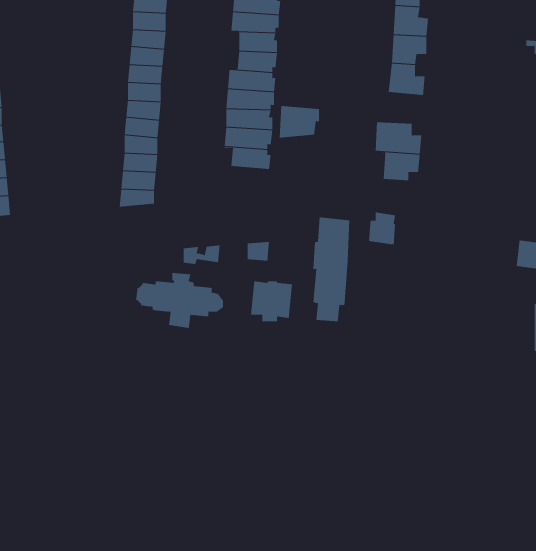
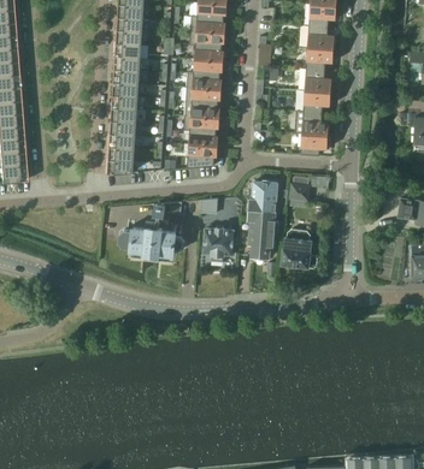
building: none -> [295,89,330,112]
building: [279,105,320,138] -> [187,143,217,167]
building: none -> [281,228,317,267]

